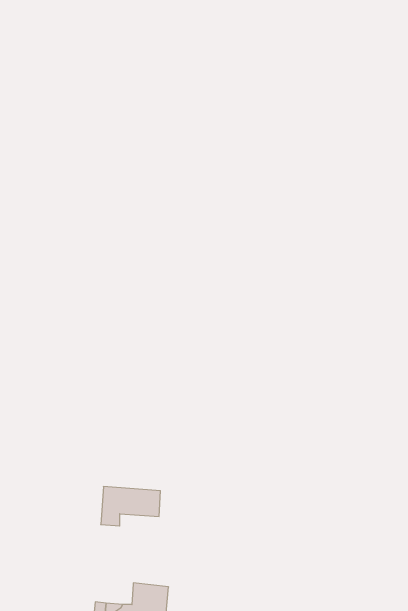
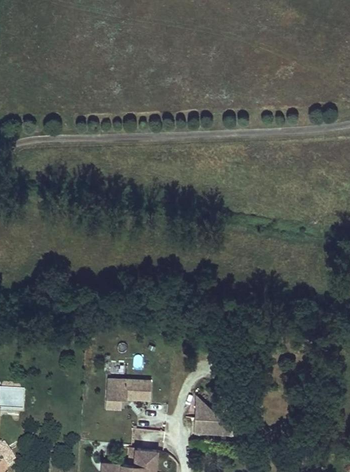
building: none -> [195,395,231,433]

